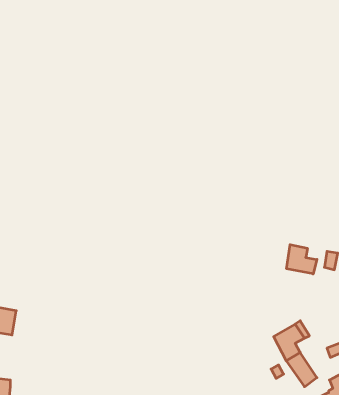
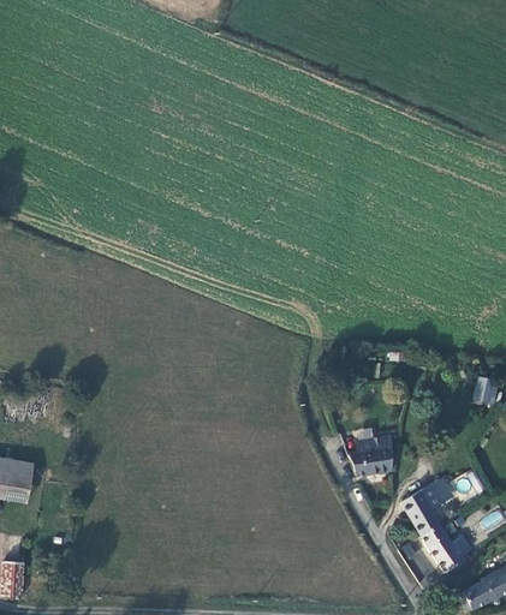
building: [287,245,317,274] -> none
building: none -> [350,436,393,476]

